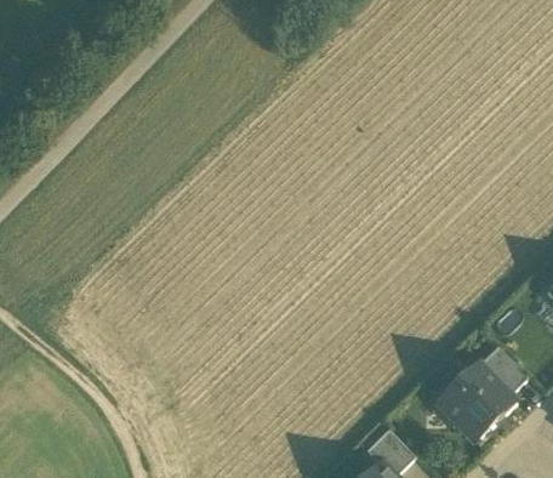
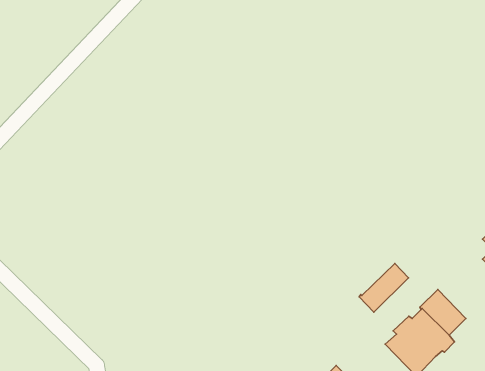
building: none -> [359,264,408,312]

